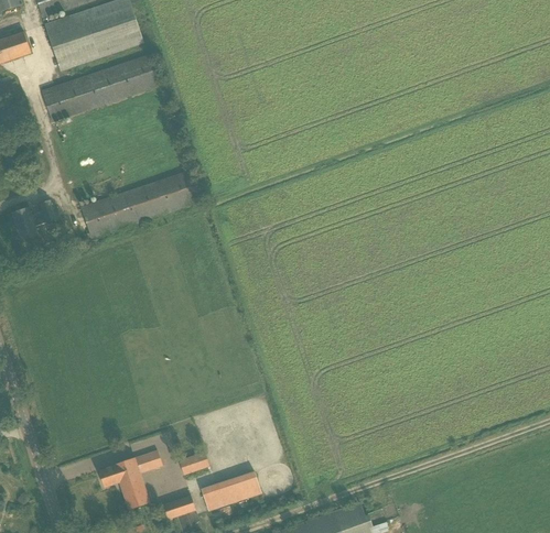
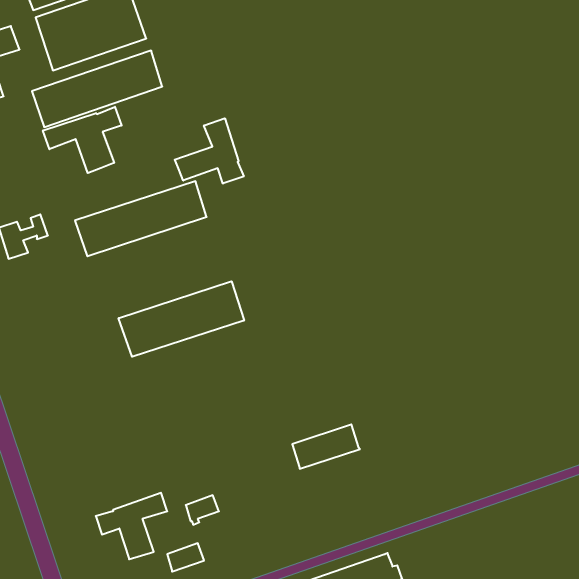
building: none -> [43,107,122,173]
building: none -> [175,118,244,184]
building: none -> [119,281,244,357]
building: [201,471,261,511] -> [292,424,360,469]

